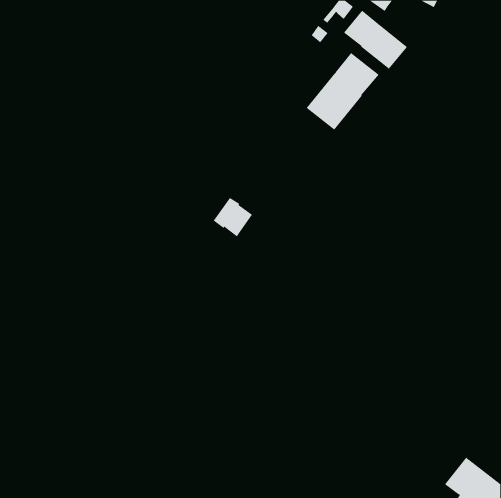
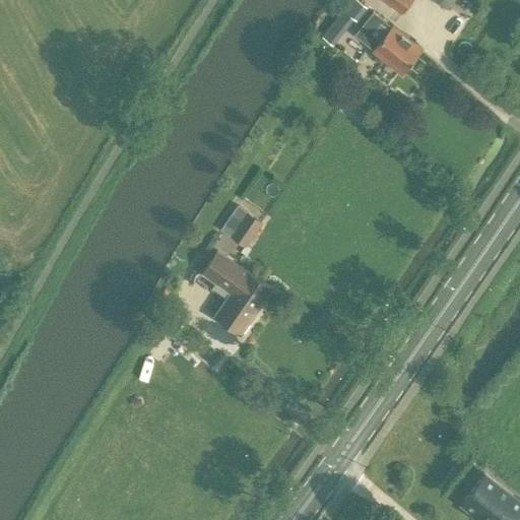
building: [306,52,379,130] -> none
building: none -> [203,254,271,335]

